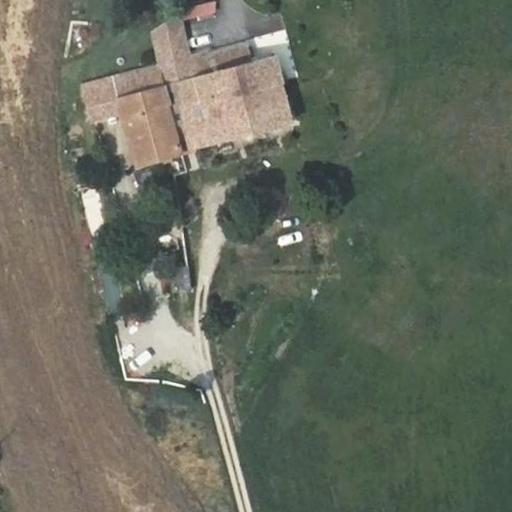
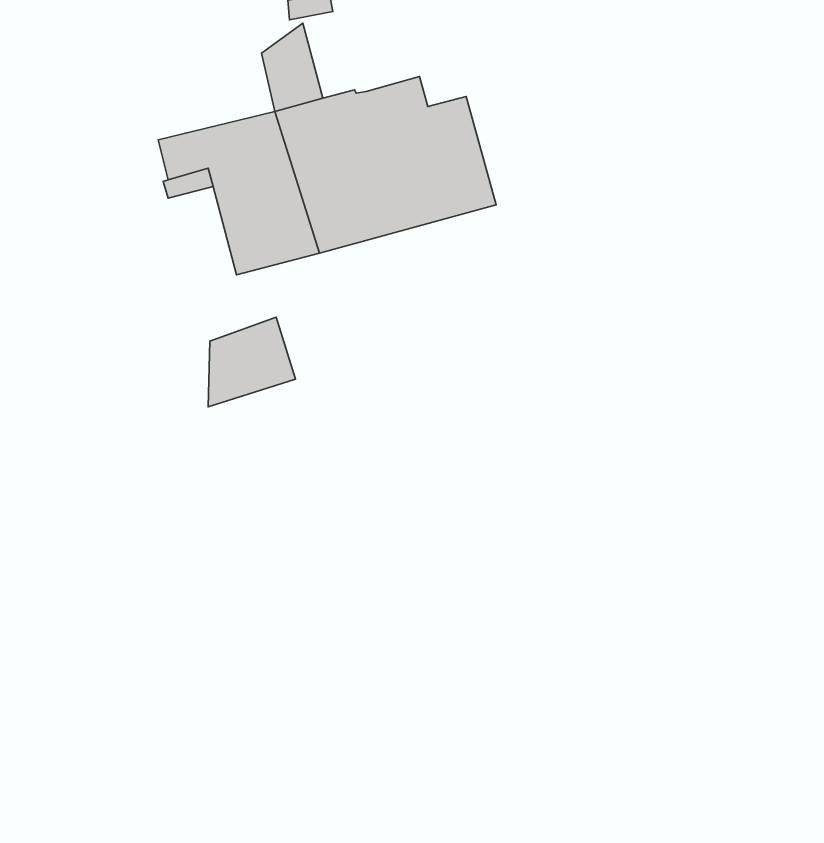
building: none -> [208,317,296,407]

